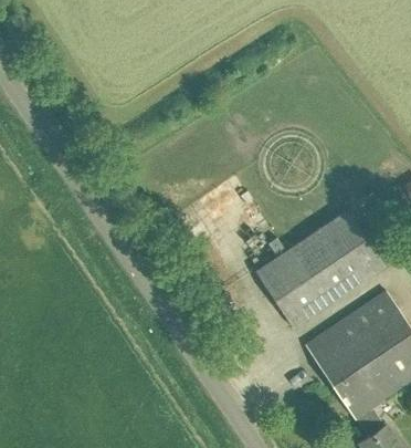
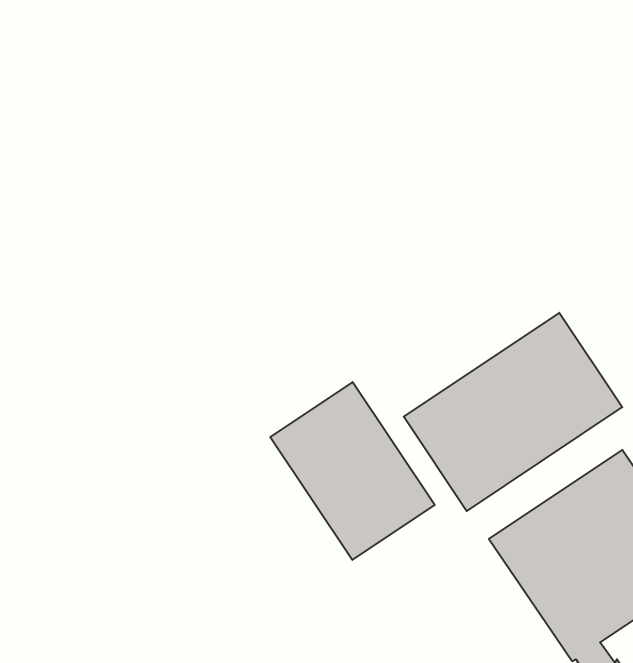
building: none -> [270,382,435,560]

